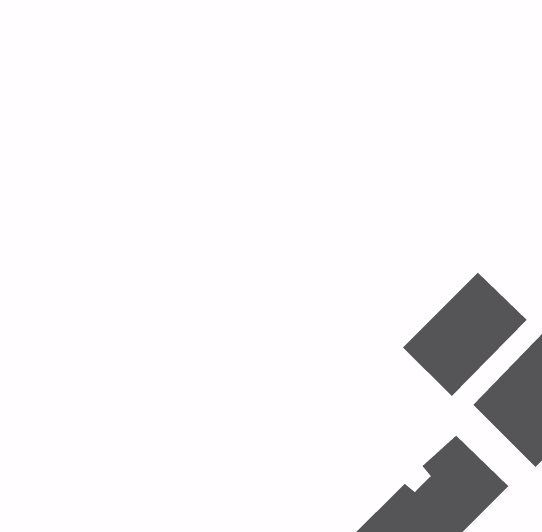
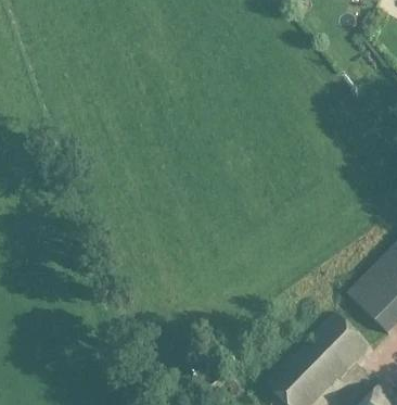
building: [402,272,528,397] -> none

